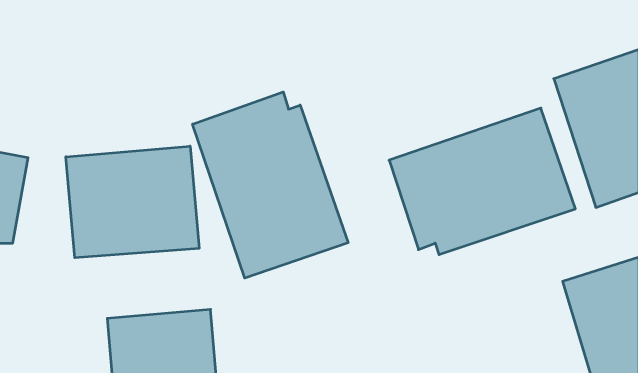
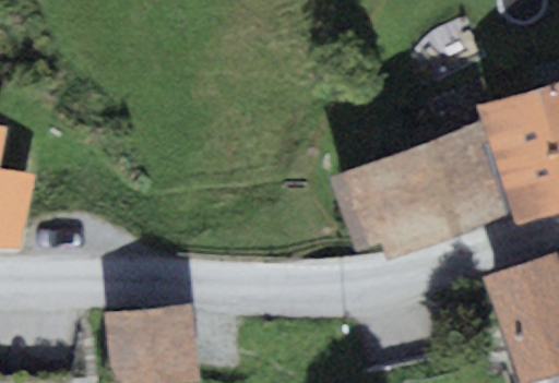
building: [193,92,348,278] -> none
building: [66,146,199,258] -> none

